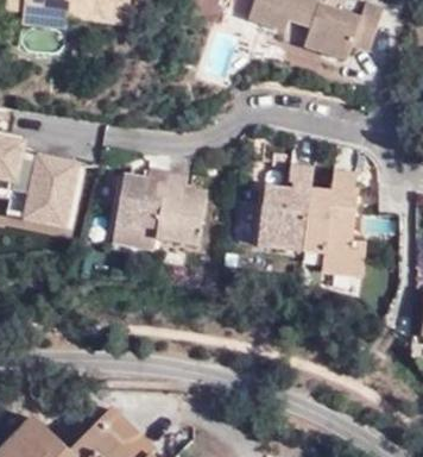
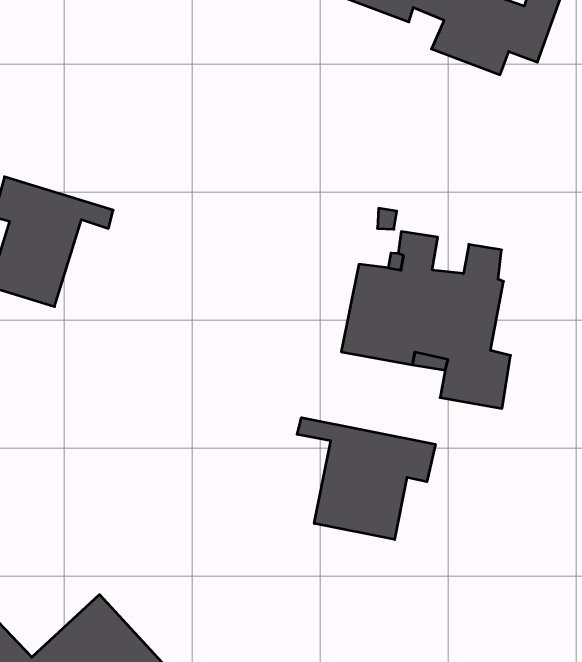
building: [109,165,207,245] -> none
building: none -> [297,418,435,540]

